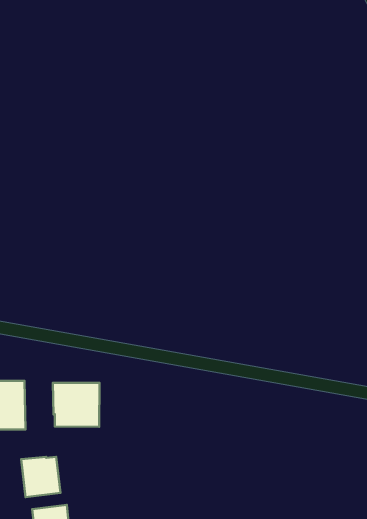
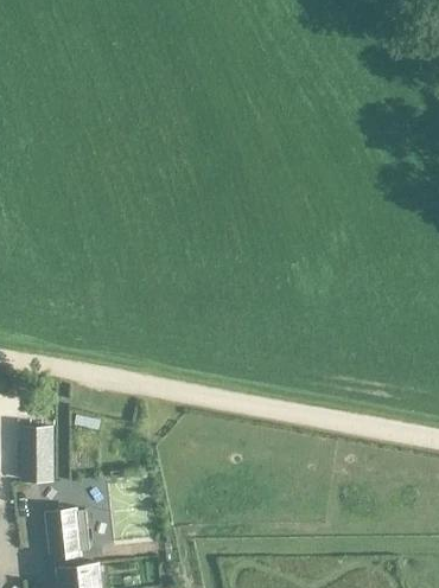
building: [53,383,99,427] -> none

